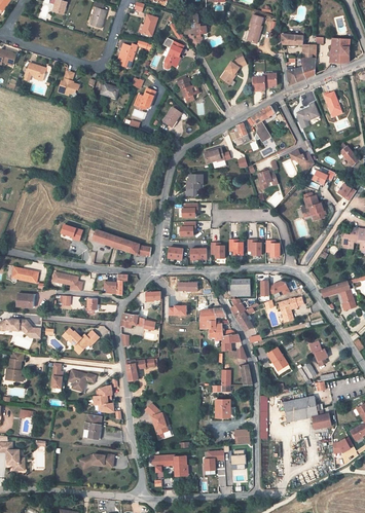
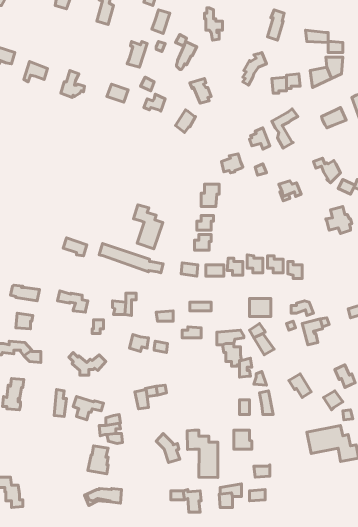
building: none -> [133,205,163,249]
building: none -> [187,430,218,477]

